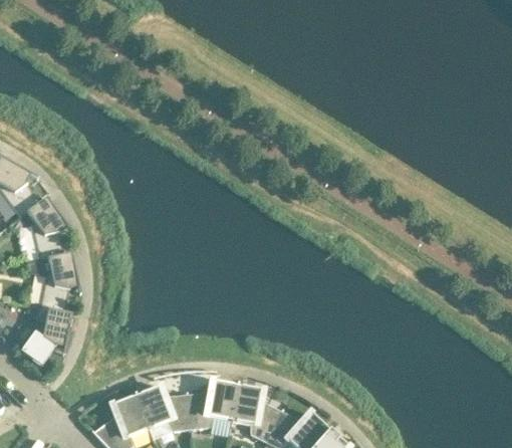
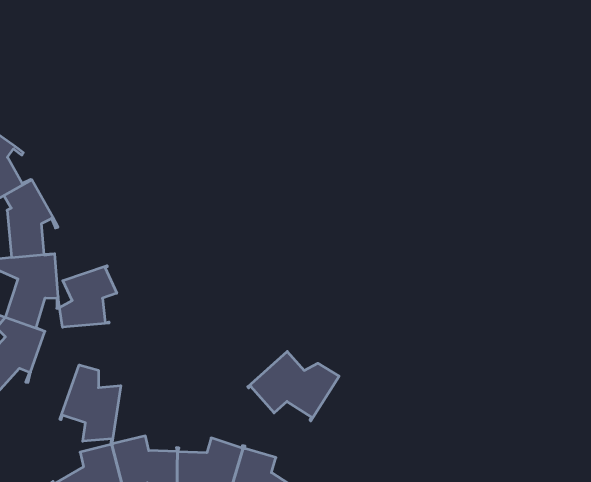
building: none -> [60,266,117,327]
building: none -> [248,351,339,421]
building: none -> [60,365,121,442]

